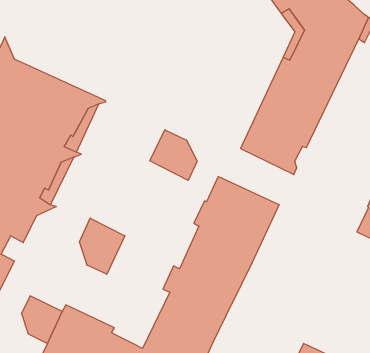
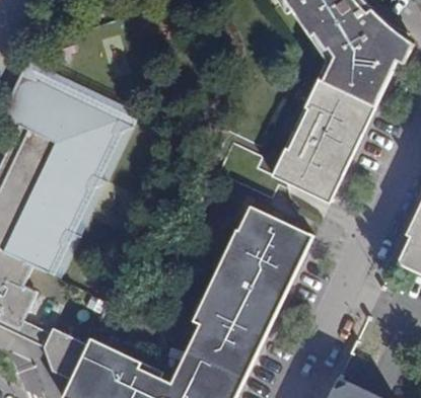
building: [150,130,197,180] -> none
building: [79,218,125,274] -> none

